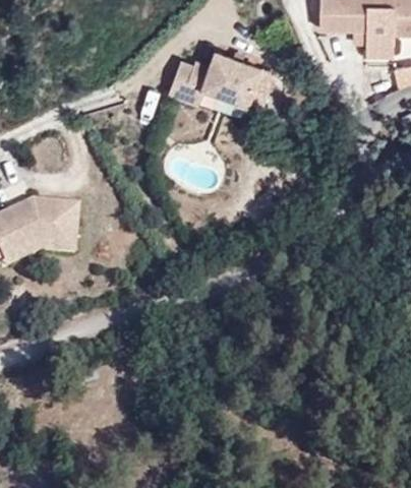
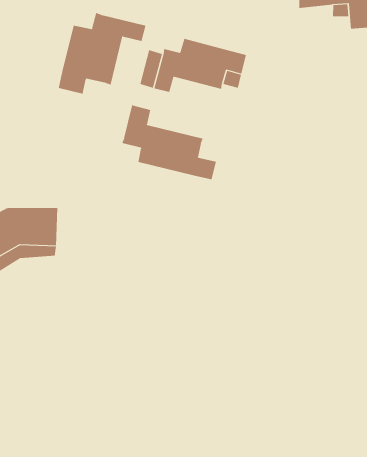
building: none -> [58,12,146,95]
building: none -> [122,105,217,180]

